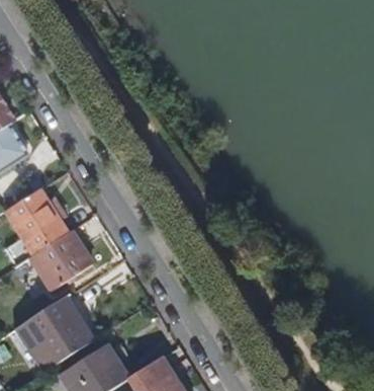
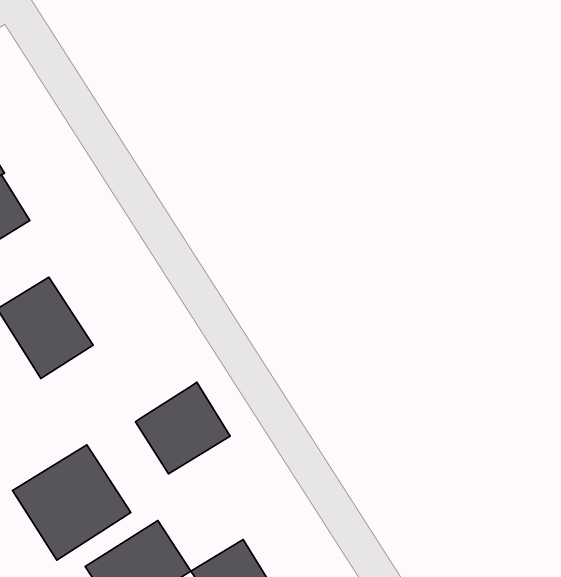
building: [31,232,92,291] -> [135,382,230,474]

